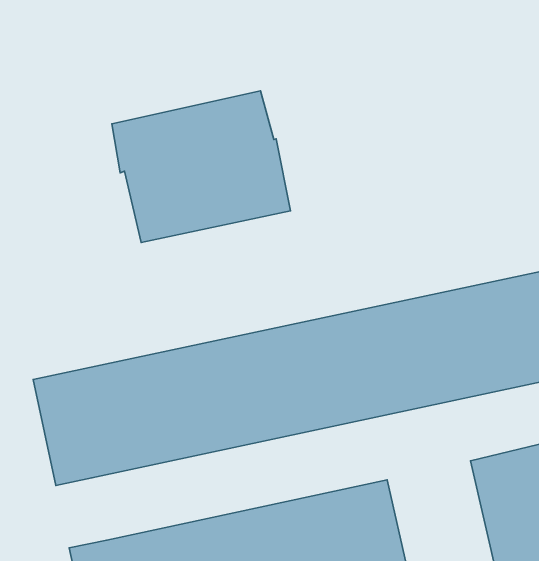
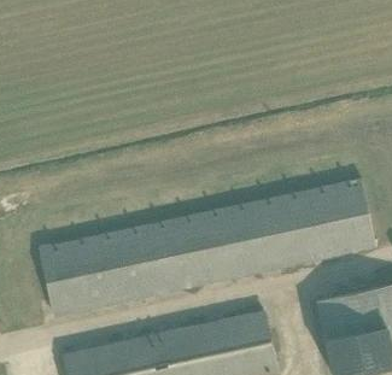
building: [112,91,290,243] -> none

